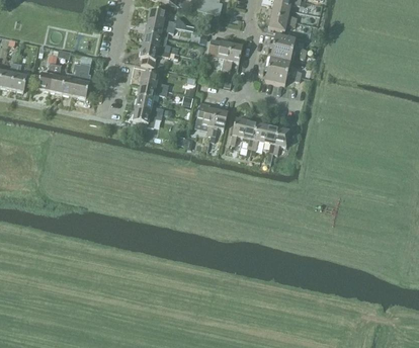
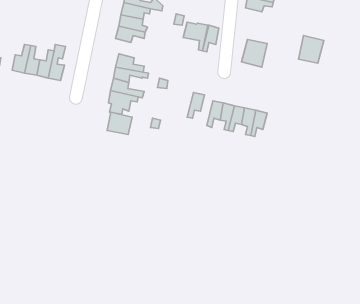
building: [270,33,296,61] -> [298,35,324,63]
building: [194,102,217,134] -> none
building: none -> [107,112,132,134]

